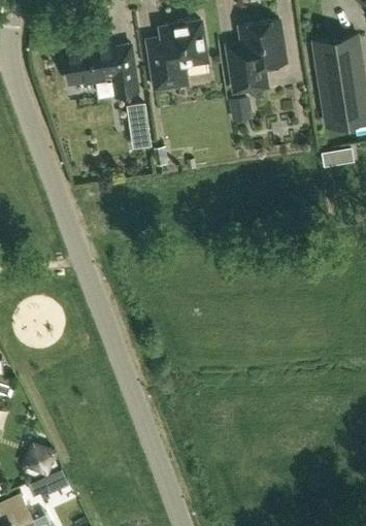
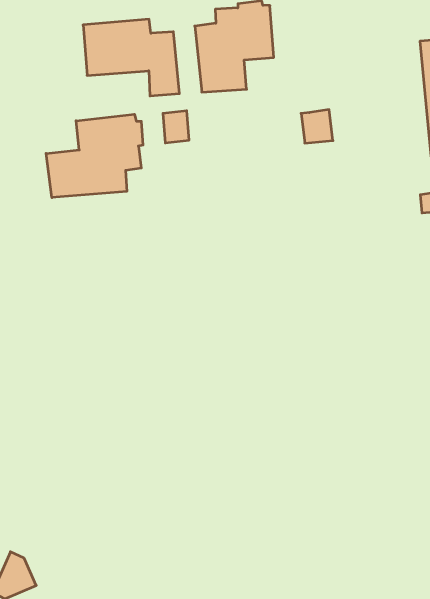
building: [227,22,286,93] -> none
building: none -> [46,114,143,198]

